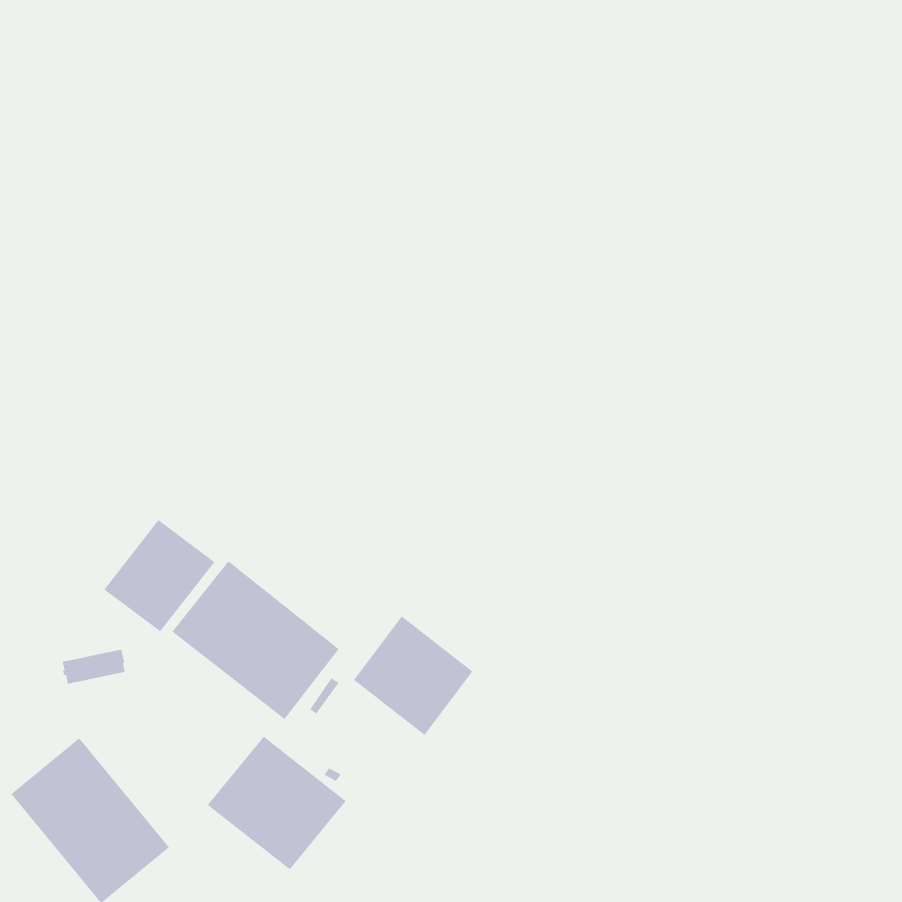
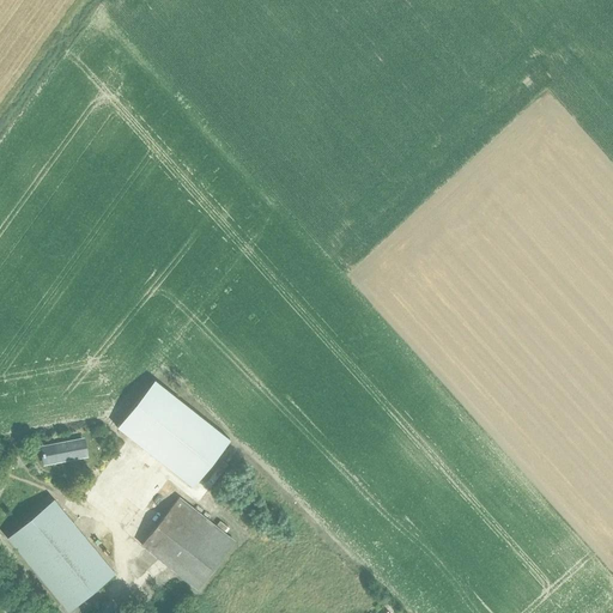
building: [103,519,215,632] -> none
building: [353,615,473,736] -> none

